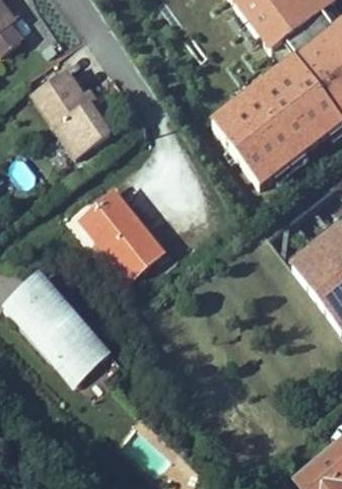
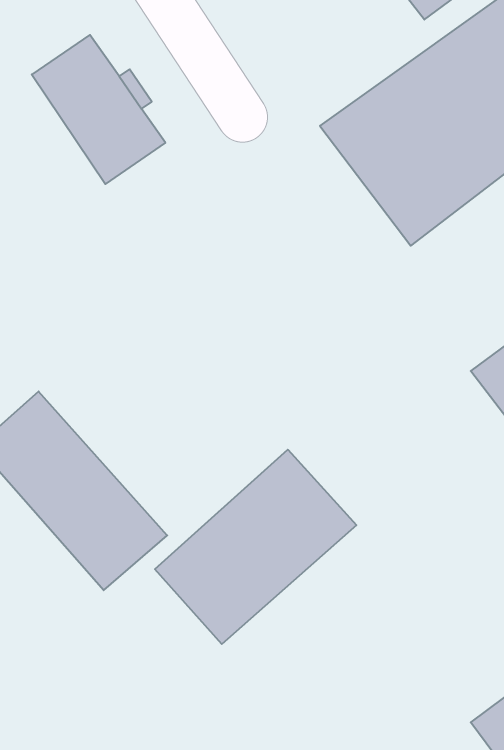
building: [80,192,162,277] -> none
building: none -> [155,450,356,644]

